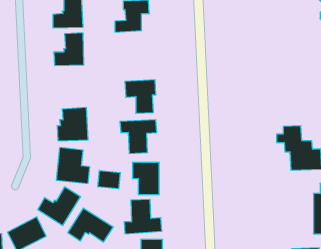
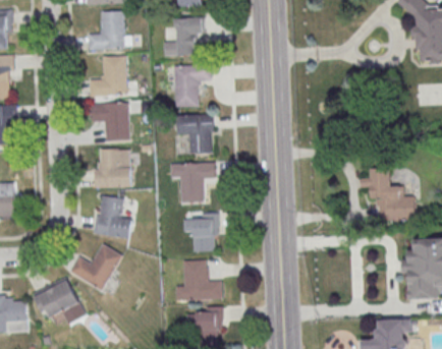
building: none -> [173,62,211,107]
building: none -> [91,102,128,140]
building: [98,170,120,189] -> none
building: [68,208,113,242] -> none

